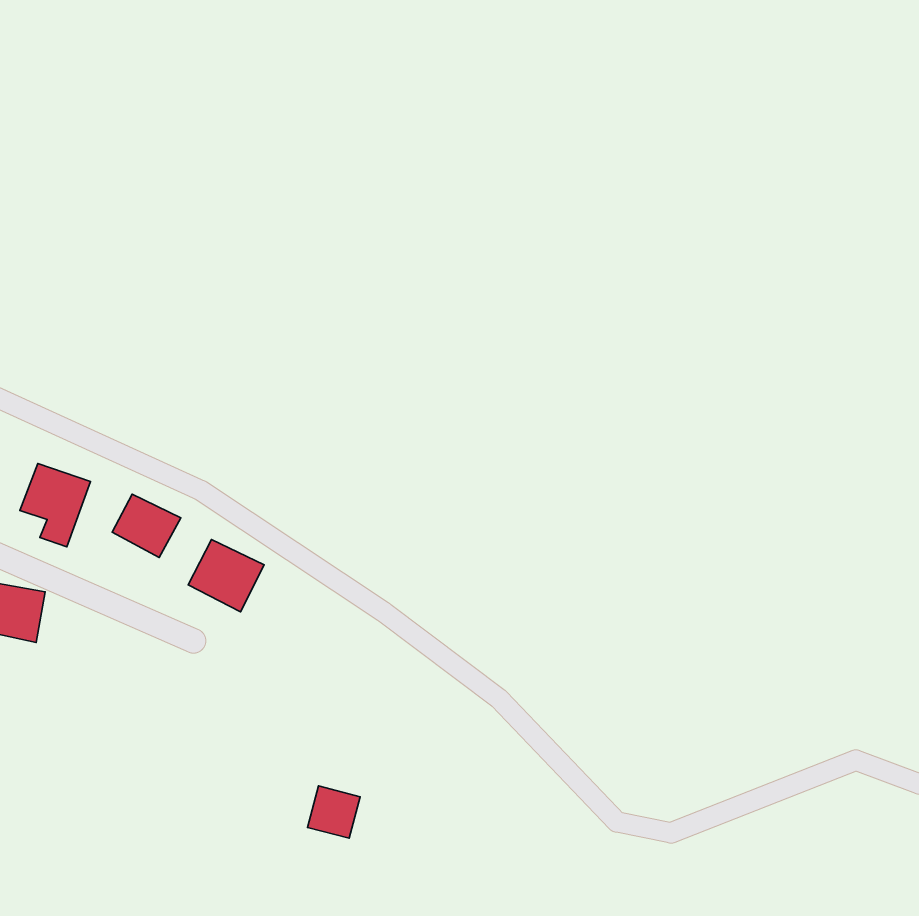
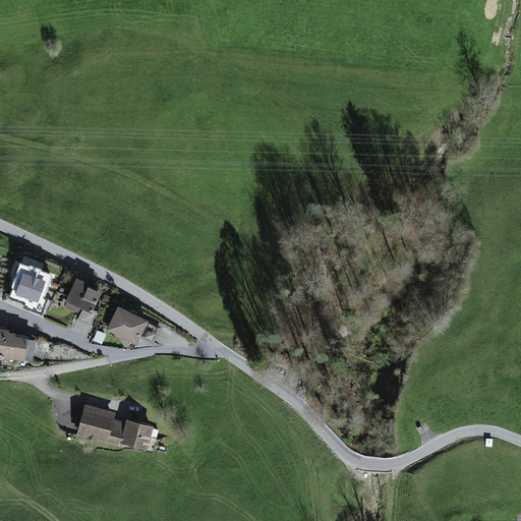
building: none -> [72,404,119,446]
building: [308,786,360,838] -> [122,419,152,449]

